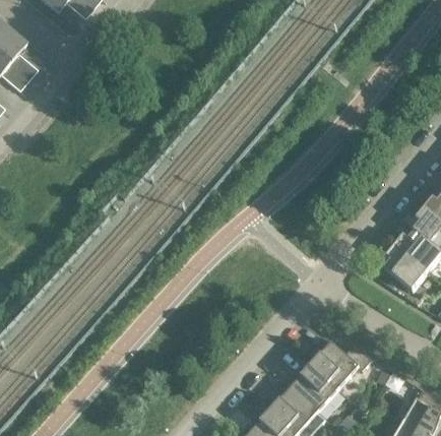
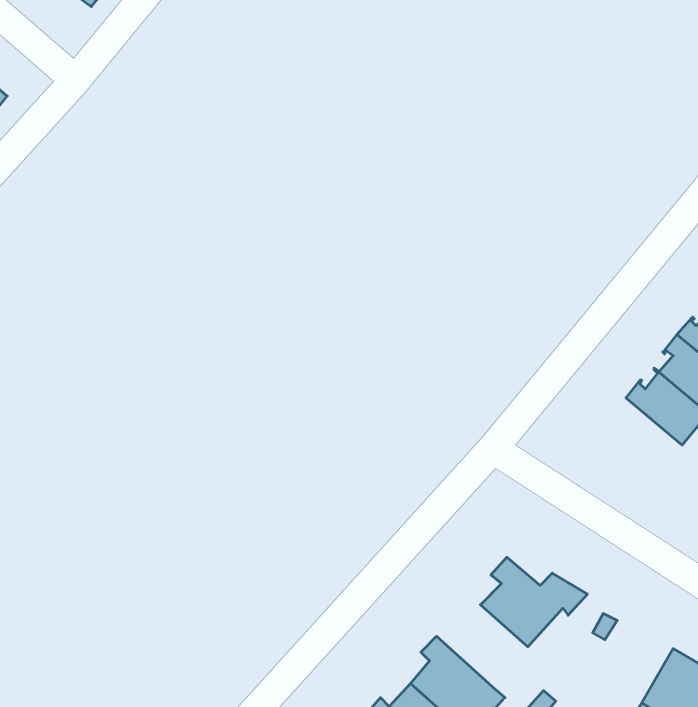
building: [383,244,427,290] -> none
building: [285,364,337,412] -> none

